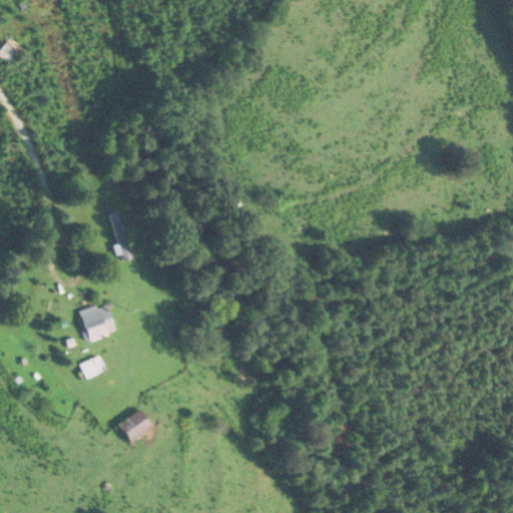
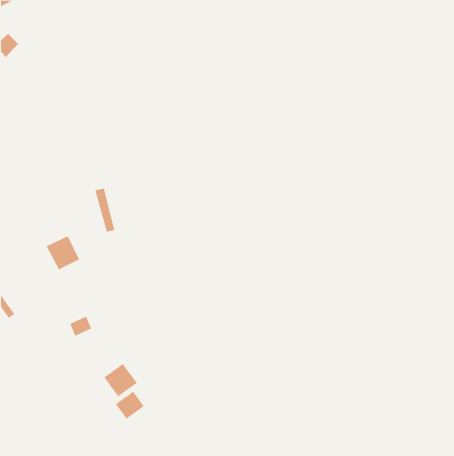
building: [78,302,116,341] -> [46,235,80,270]
building: none -> [115,391,145,420]

